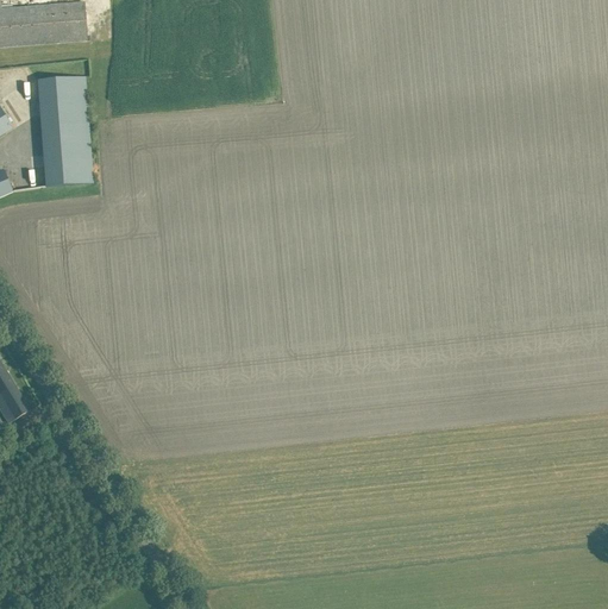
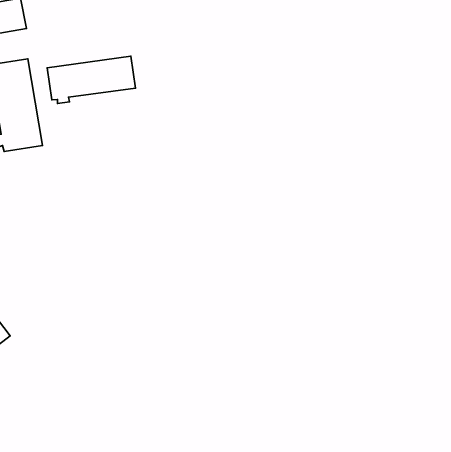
building: none -> [47,56,136,104]

